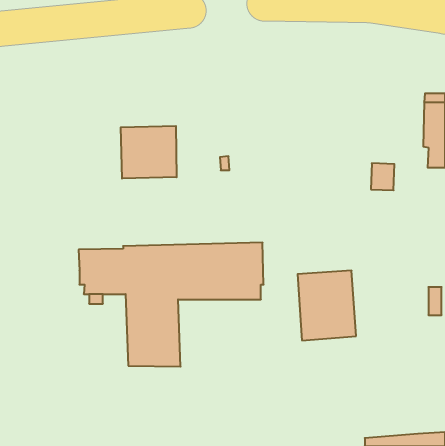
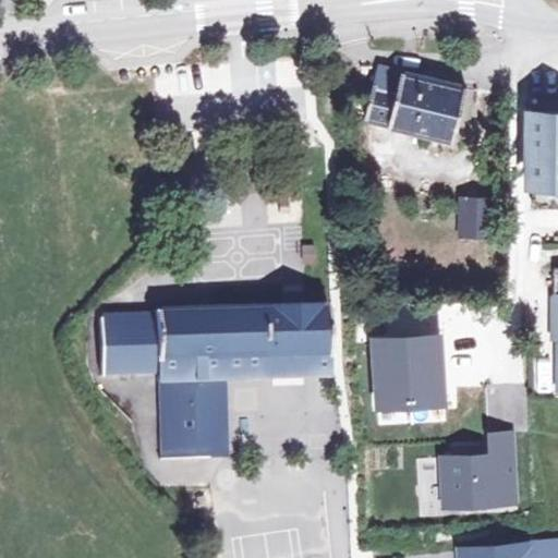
building: none -> [363,64,470,141]
building: [121,126,177,179] -> none
building: none -> [444,433,514,504]

